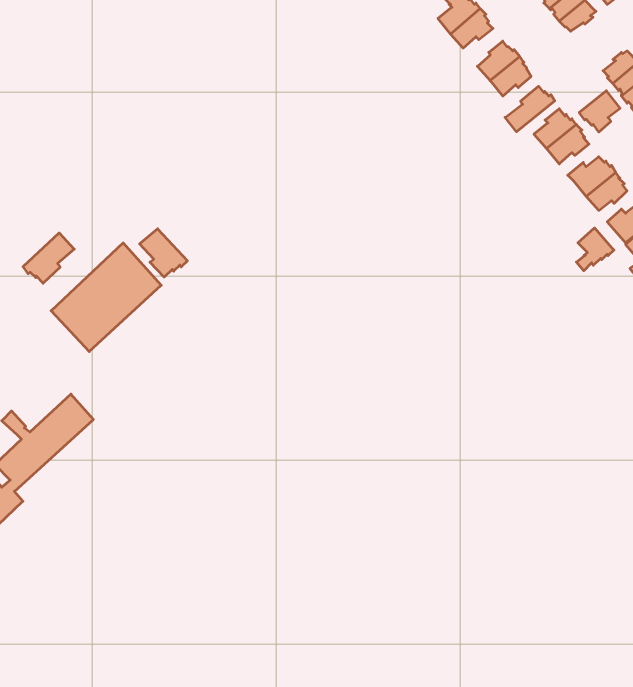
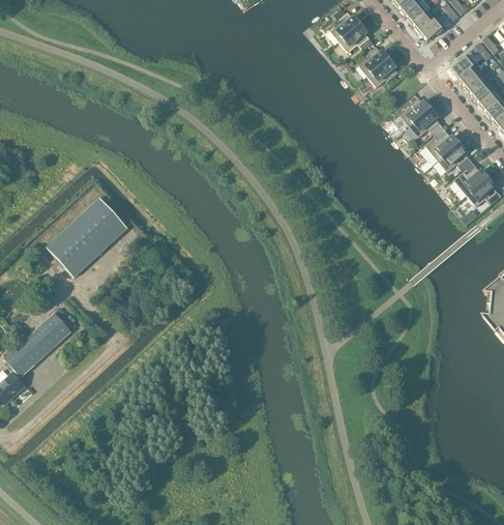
building: [505,86,555,132] -> none
building: [579,91,620,132] -> none
building: [576,228,614,271] -> none
building: [140,229,187,277] -> none
building: [23,233,74,283] -> none

